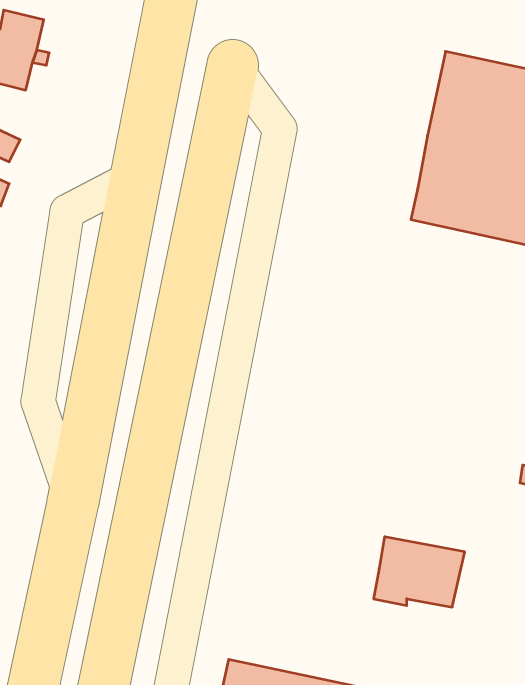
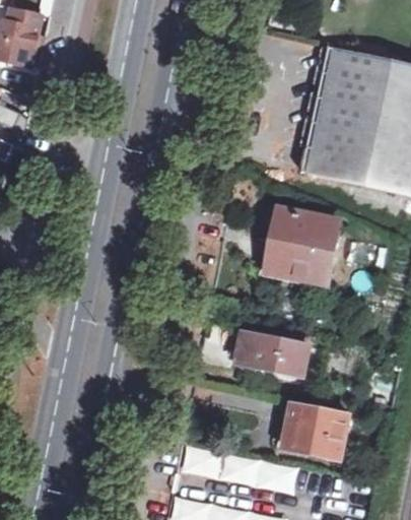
building: none -> [264,209,338,282]
building: none -> [230,330,306,375]
building: none -> [176,446,295,493]

